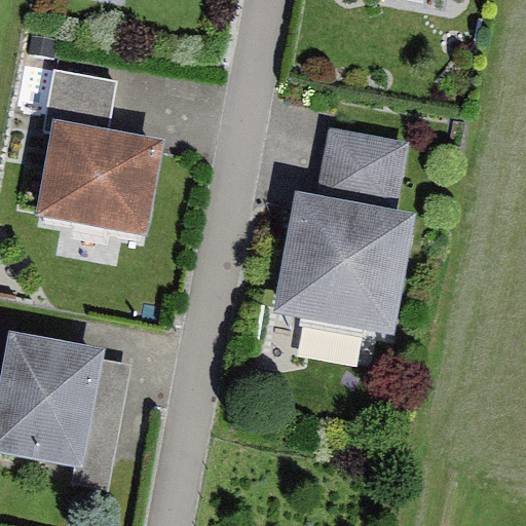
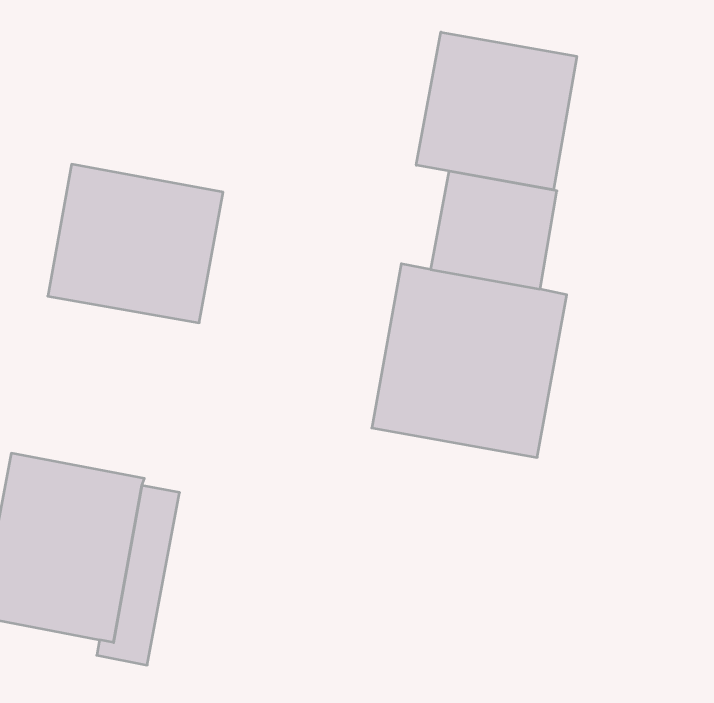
building: none -> [416,32,577,190]
building: [43,65,118,130] -> none

